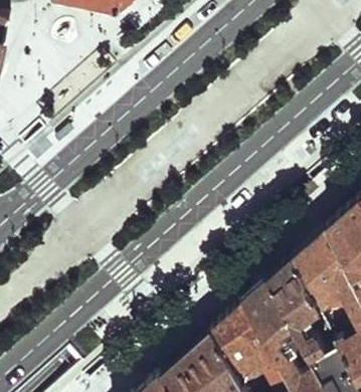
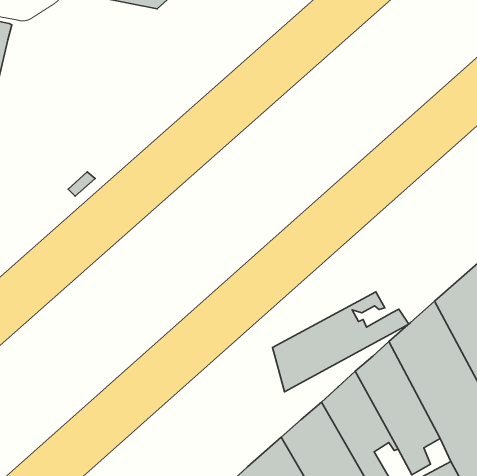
building: none -> [273,292,409,392]

